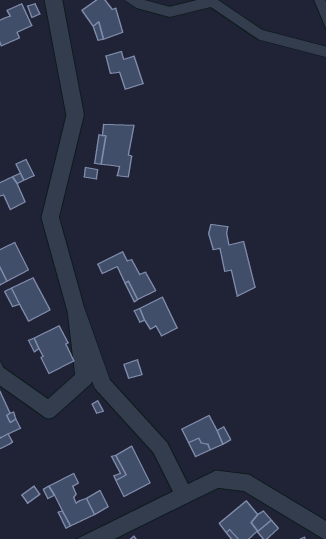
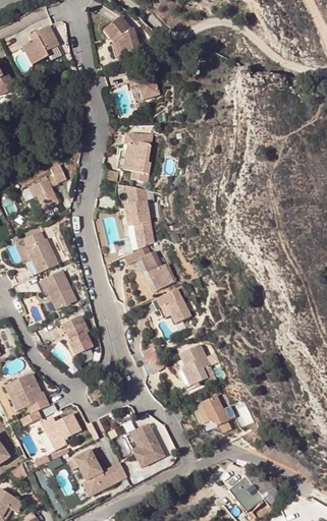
building: [209,225,255,296] -> [114,183,156,247]
building: none -> [175,342,212,386]
building: none -> [42,413,81,451]

